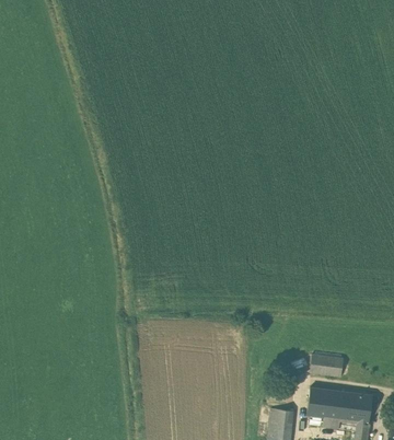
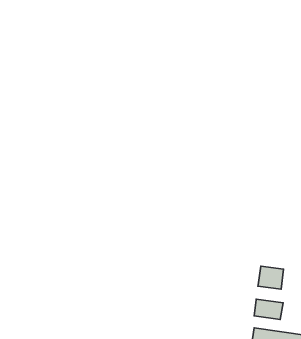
building: none -> [258,266,283,289]

